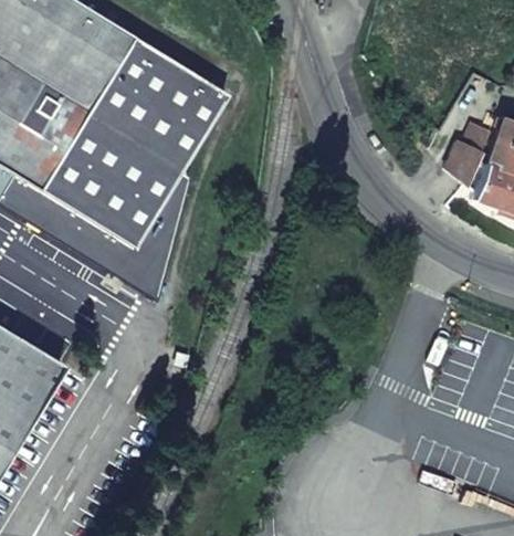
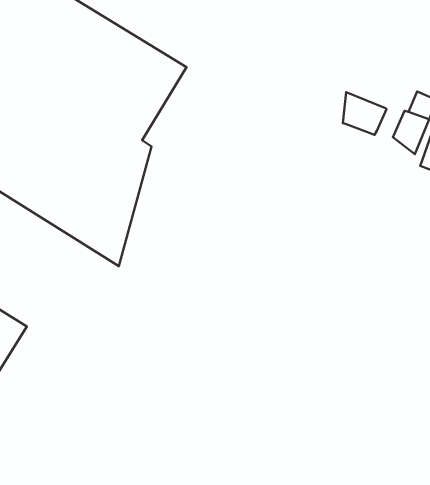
building: none -> [343,92,387,135]

